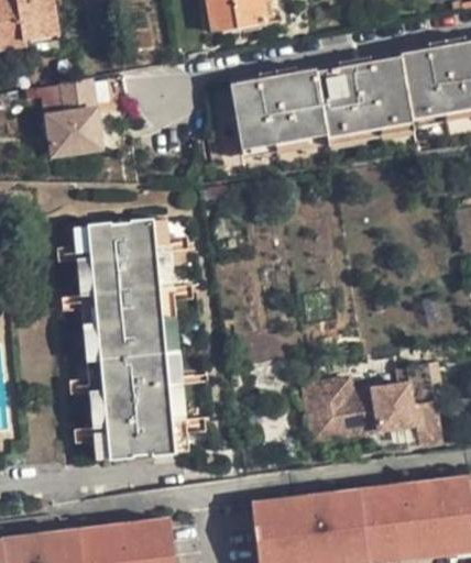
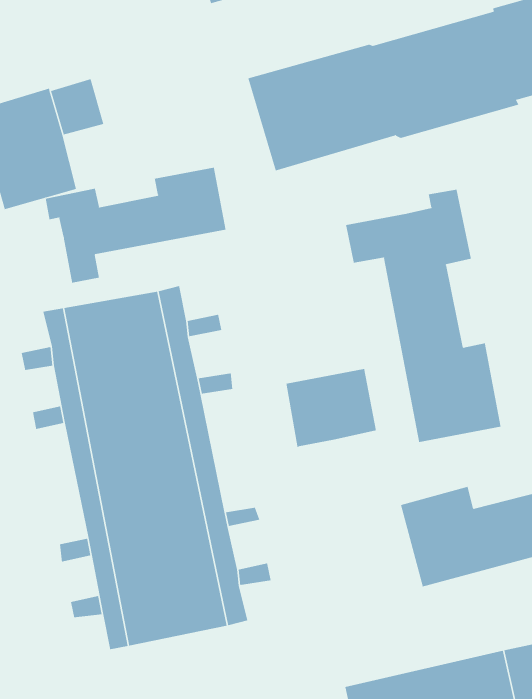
building: none -> [45,167,226,284]
building: none -> [346,189,501,443]
building: none -> [286,368,376,448]

